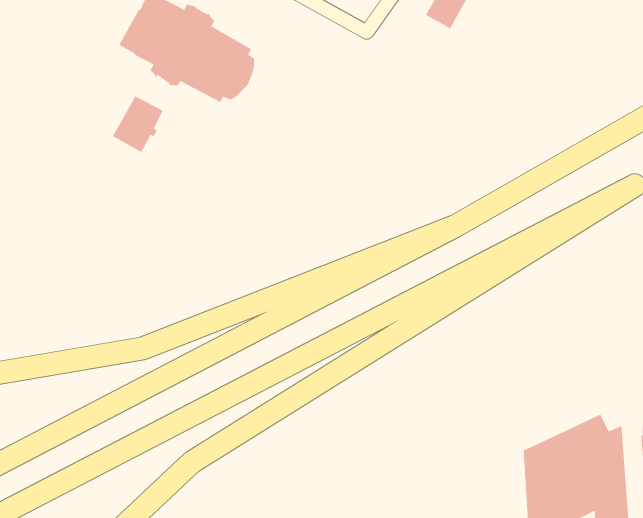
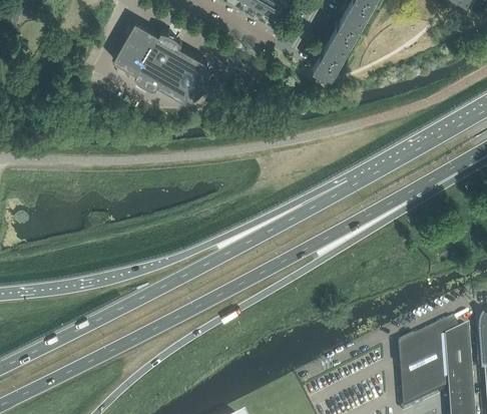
building: none -> [313,38,348,77]
building: [112,95,164,153] -> none

